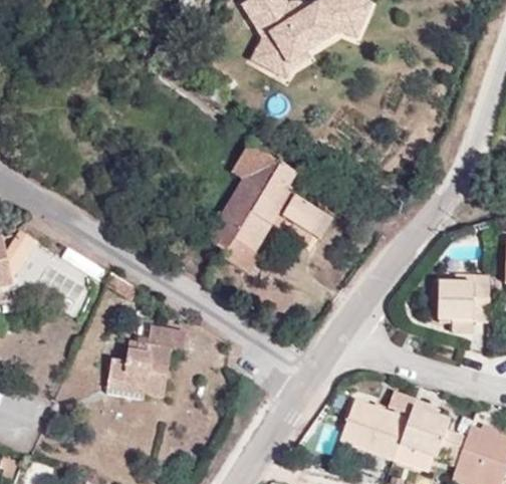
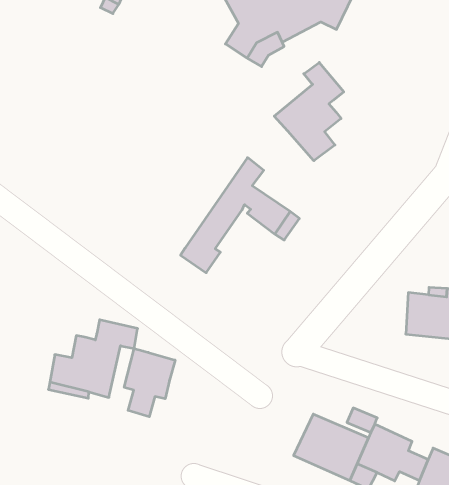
building: none -> [274,62,344,161]
building: [207,140,279,250] -> none
building: none -> [124,349,175,417]

